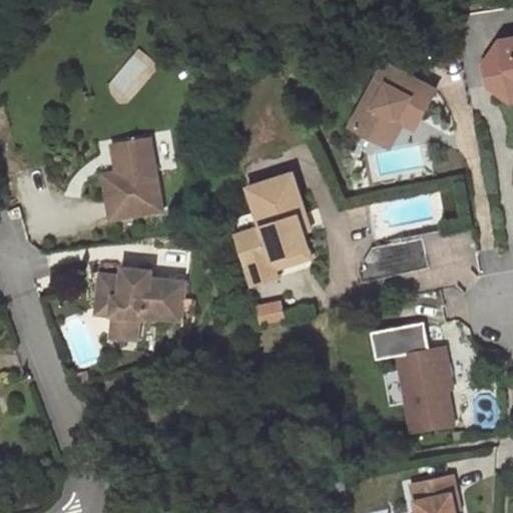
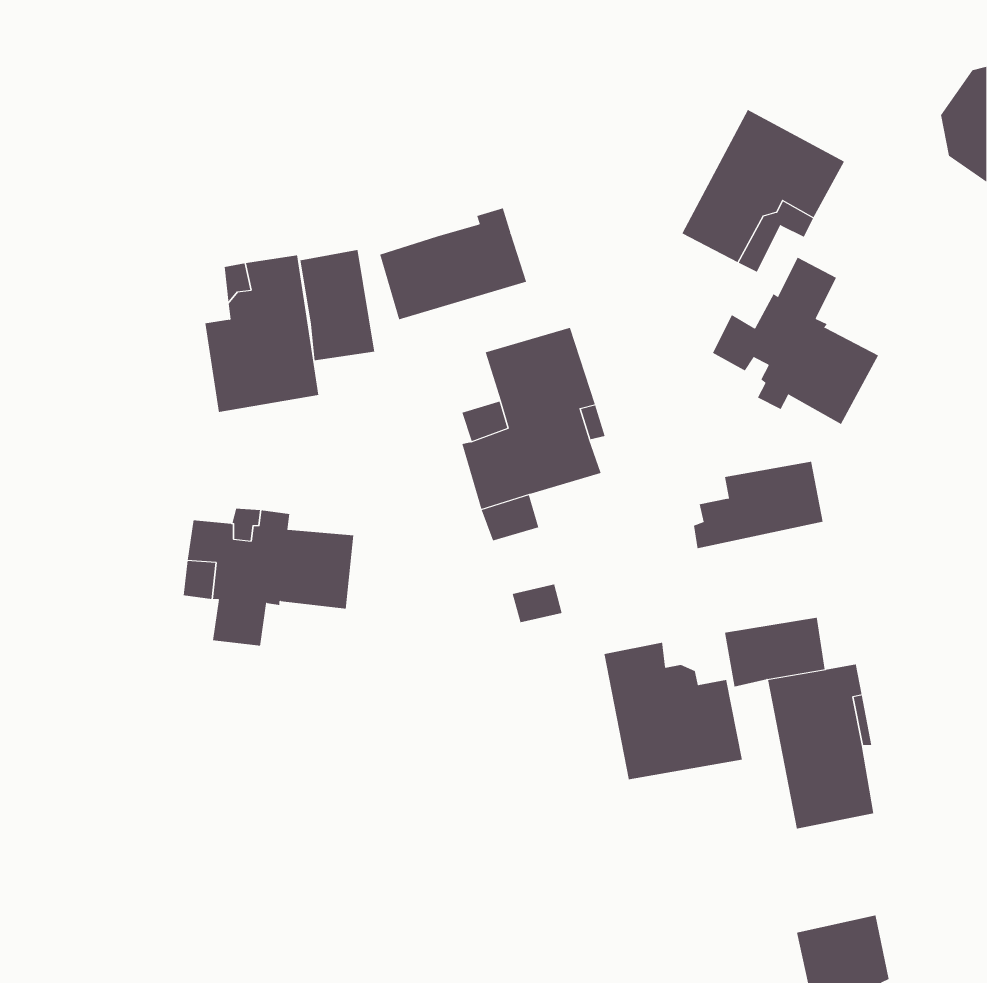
building: none -> [380,207,527,320]
building: none -> [300,249,375,361]
building: none -> [712,257,879,425]
building: none -> [604,642,742,780]

